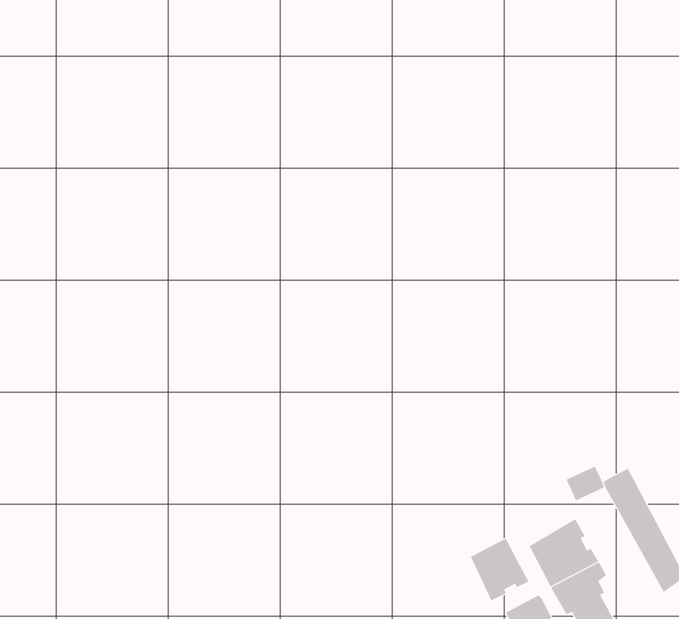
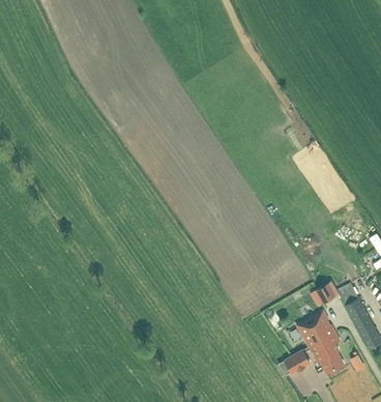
building: [470,538,529,601] -> none

